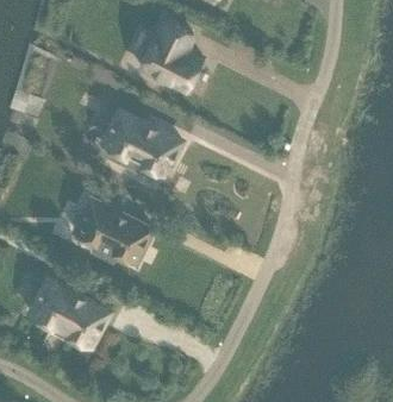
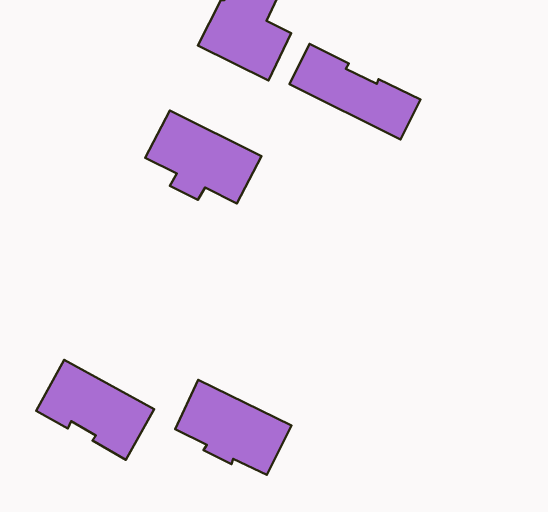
building: none -> [289,44,421,140]
building: [73,200,151,264] -> [175,380,291,475]

